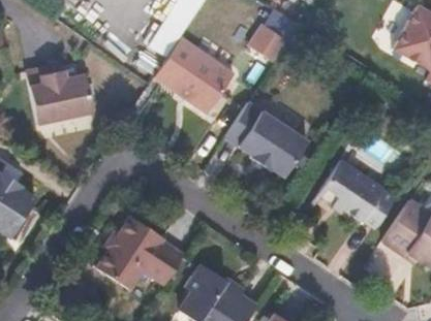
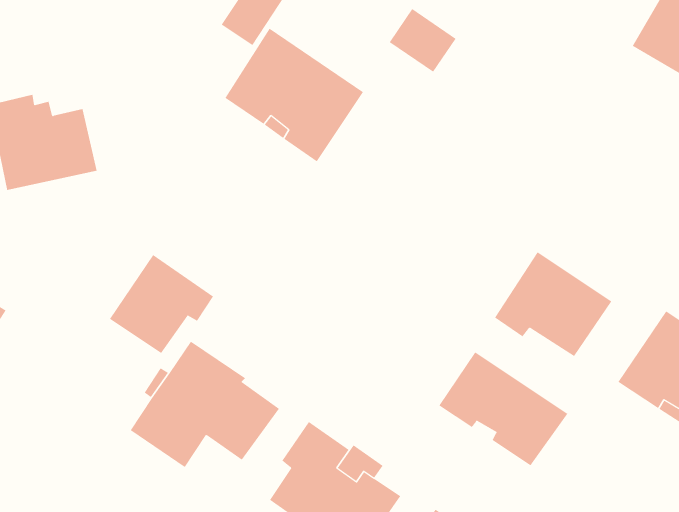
building: [228,100,310,173] -> none
building: none -> [109,254,214,354]
building: none -> [438,352,568,466]

